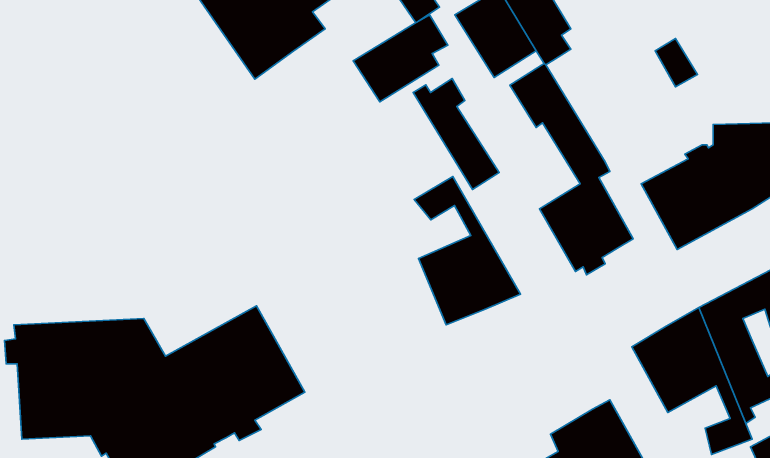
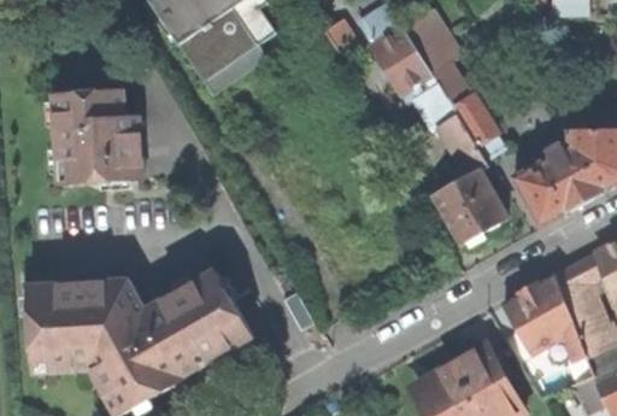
building: [353,15,448,102] -> none
building: none -> [51,88,141,182]
building: [413,78,499,190] -> [437,72,504,158]
building: [414,176,521,325] -> none

